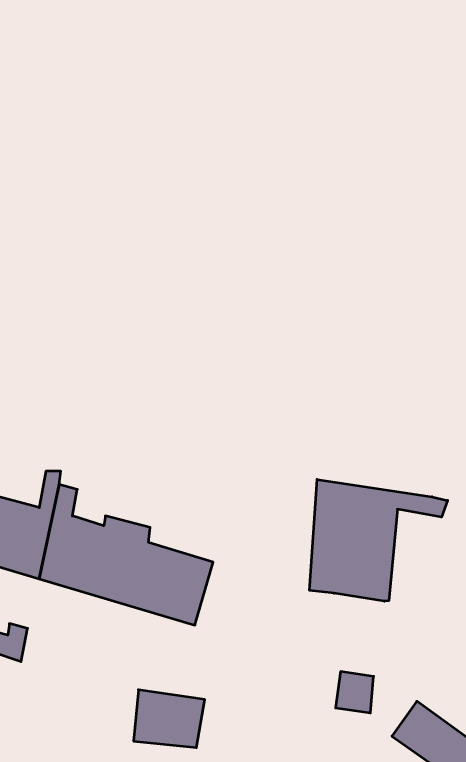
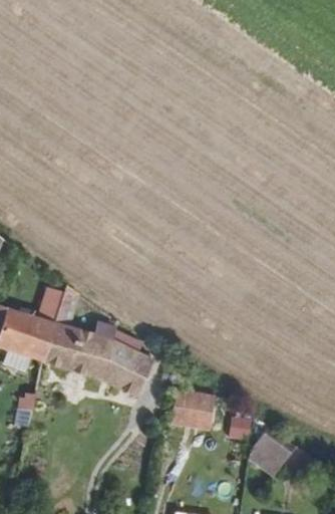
building: [310,479,448,601] -> none
building: [134,690,205,748] -> [171,391,214,426]

